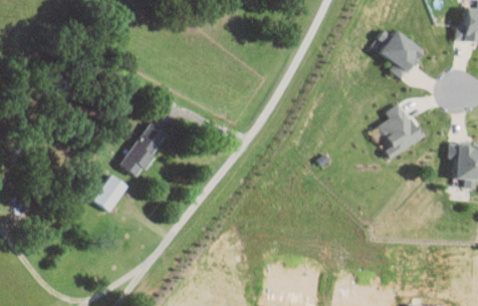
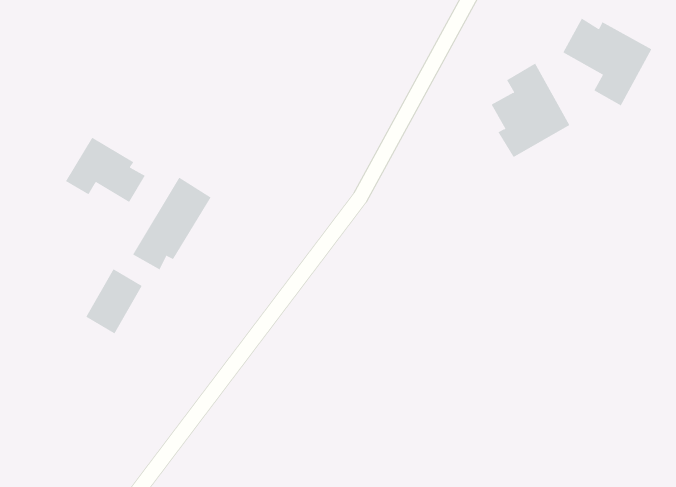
building: none -> [65,137,146,203]
building: [376,102,422,158] -> [491,63,570,158]

